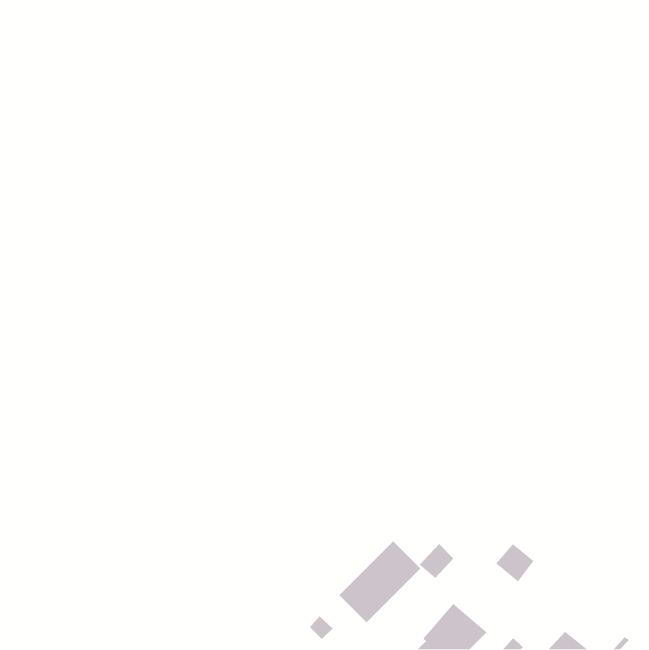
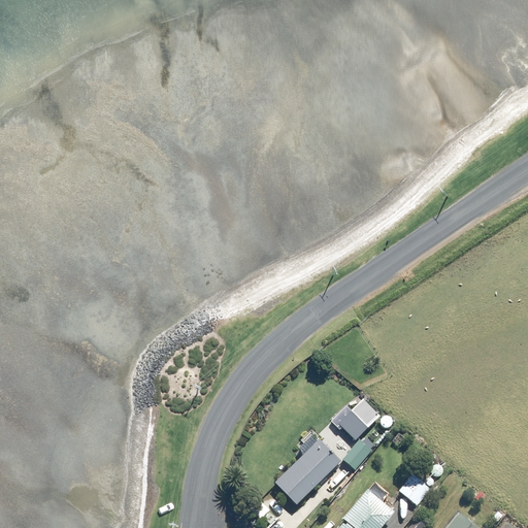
building: none -> [332,400,377,438]
building: [495,543,535,582] -> [398,474,430,506]

